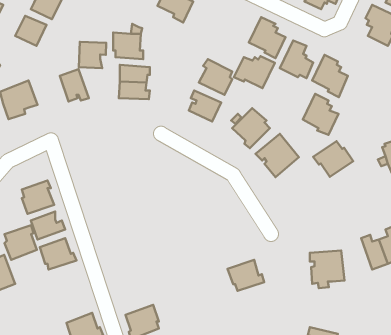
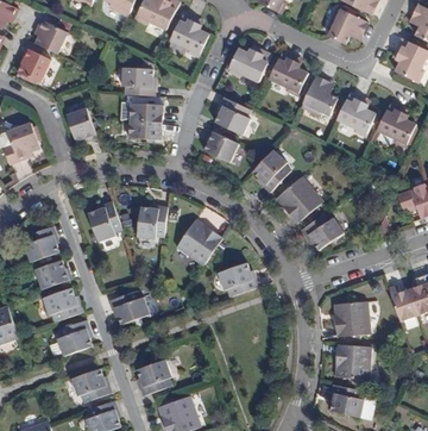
building: [79,42,106,68] -> none
building: [234,56,275,88] -> [227,48,271,82]
building: [303,94,338,135] -> [376,102,414,146]
building: [313,141,353,177] -> [300,211,342,249]
building: none -> [88,201,121,241]
building: none -> [137,206,166,239]
building: none -> [175,219,221,266]
building: [5,225,37,260] -> [57,319,92,356]
building: none -> [108,291,149,324]
building: [227,260,264,291] -> [218,263,257,296]
building: none -> [334,342,370,385]

